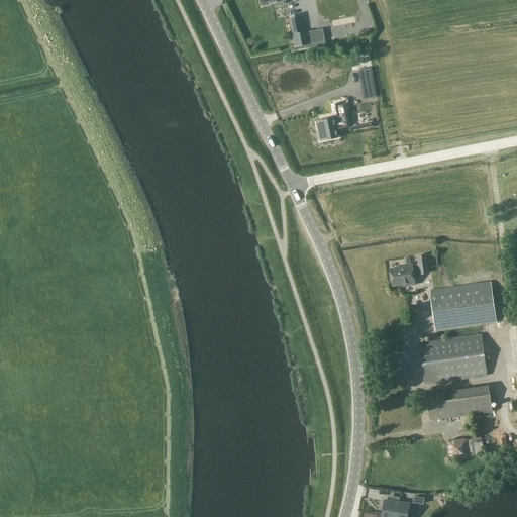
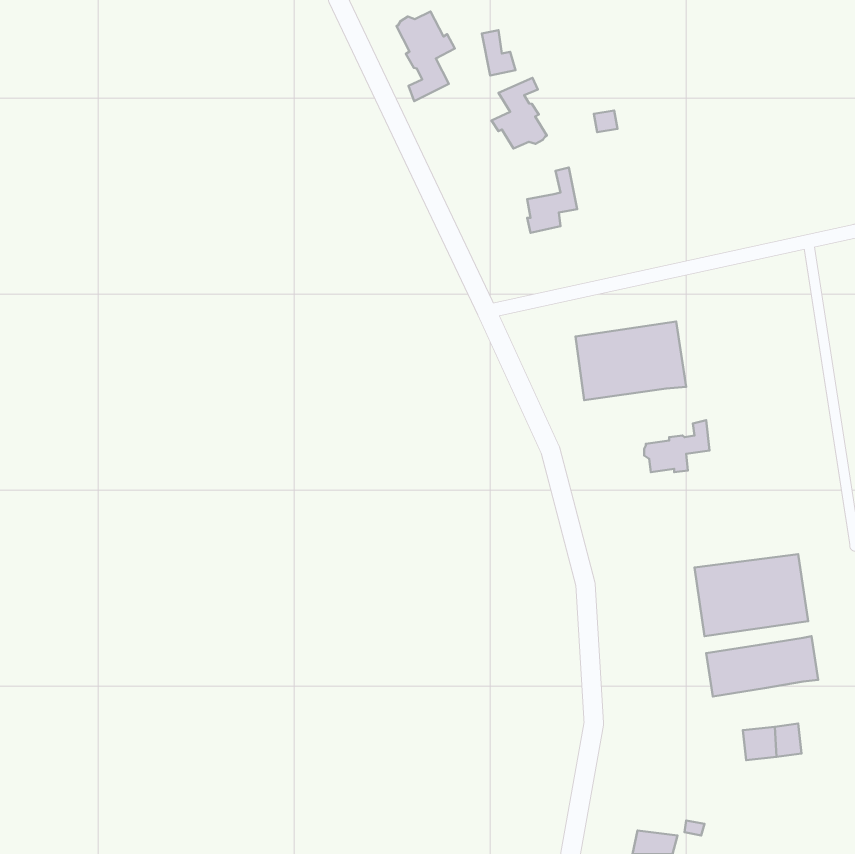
building: none -> [396,11,455,101]
building: none -> [491,78,547,149]
building: [430,282,497,329] -> [576,321,686,400]

